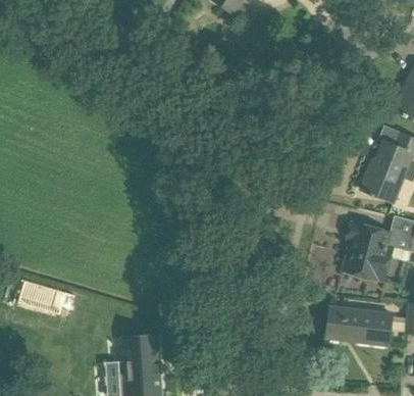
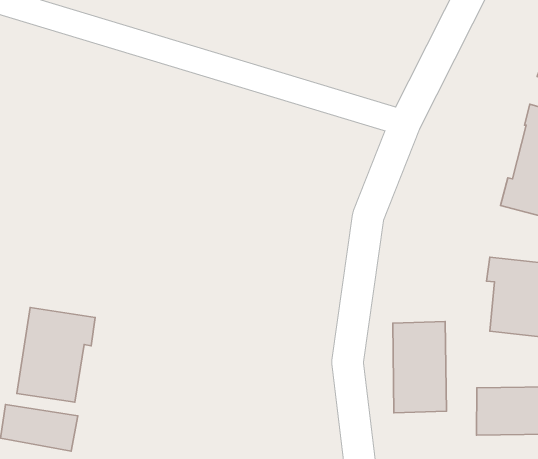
building: none -> [17,308,95,402]
building: none -> [393,321,446,413]

